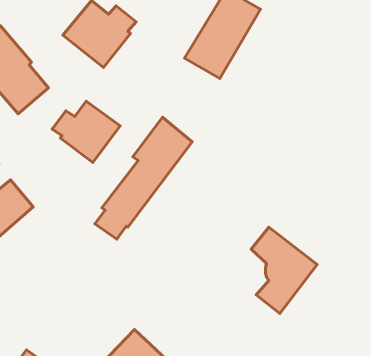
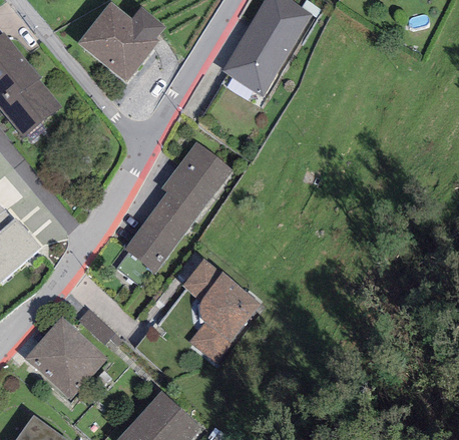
building: [52,101,120,162] -> none
building: [251,227,317,313] -> [182,260,261,362]
building: none -> [24,307,115,400]

